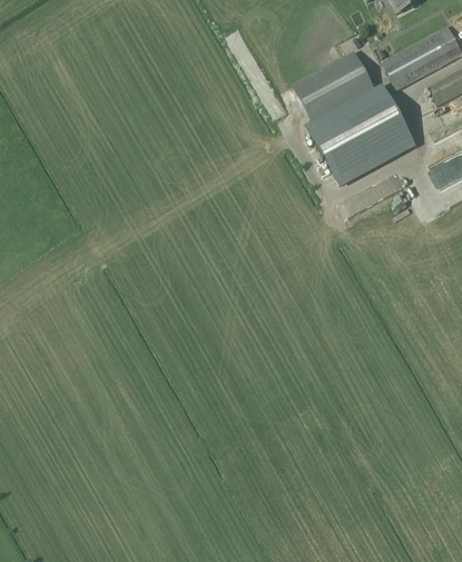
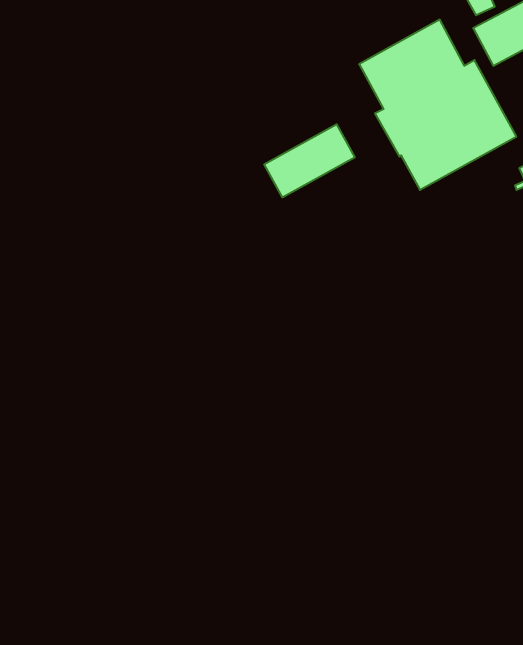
building: none -> [264,124,355,197]

